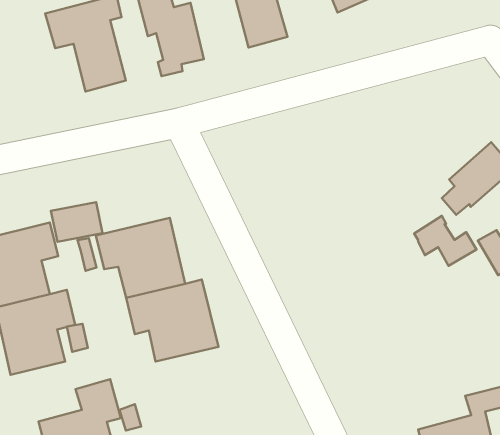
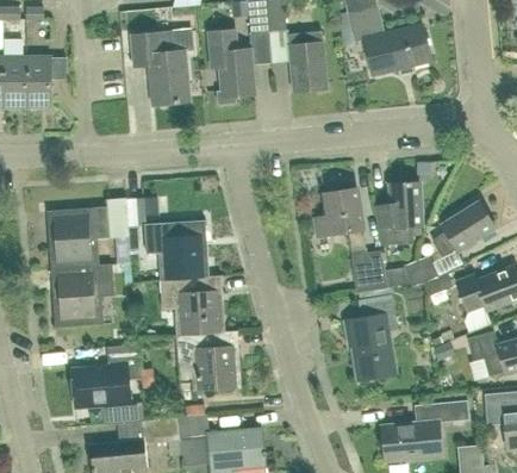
building: none -> [387,181,419,243]
building: none -> [313,188,363,250]
building: none -> [351,250,386,293]
building: none -> [344,297,397,379]
building: none -> [175,331,241,393]

